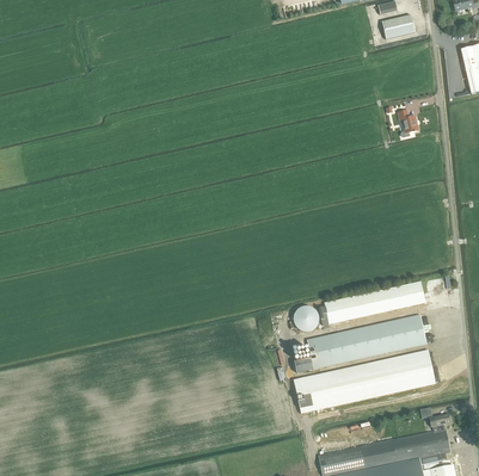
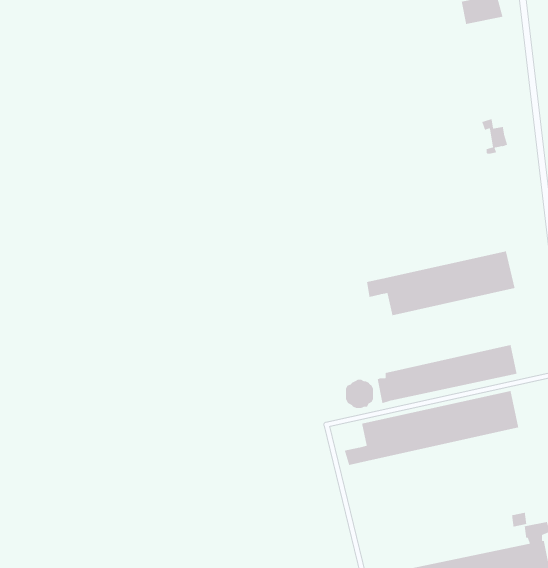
building: none -> [366,250,515,316]
building: [293,350,436,414] -> none

